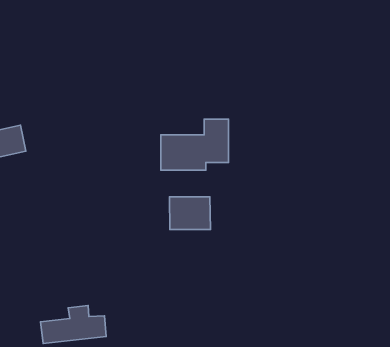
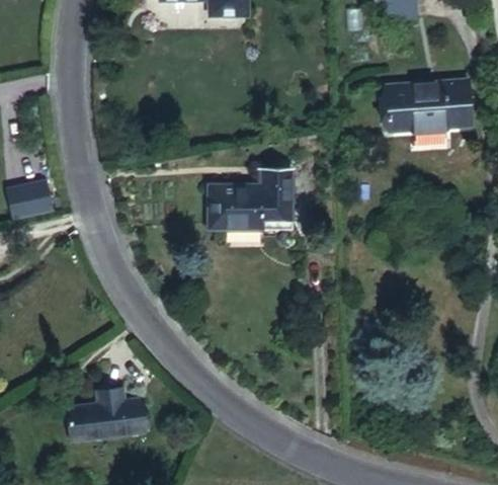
building: none -> [387,78,472,130]
building: [169,197,210,230] -> none

